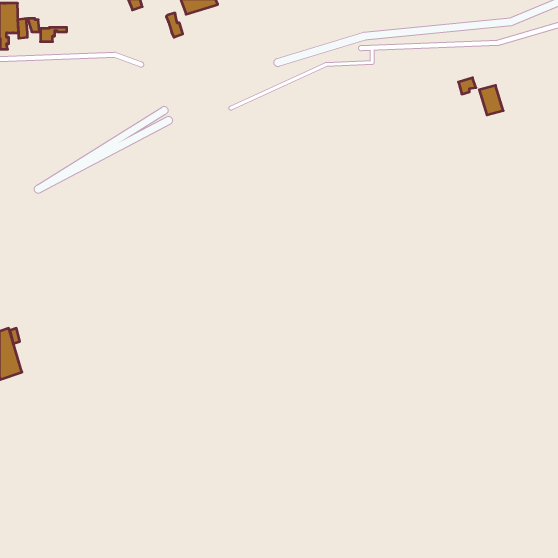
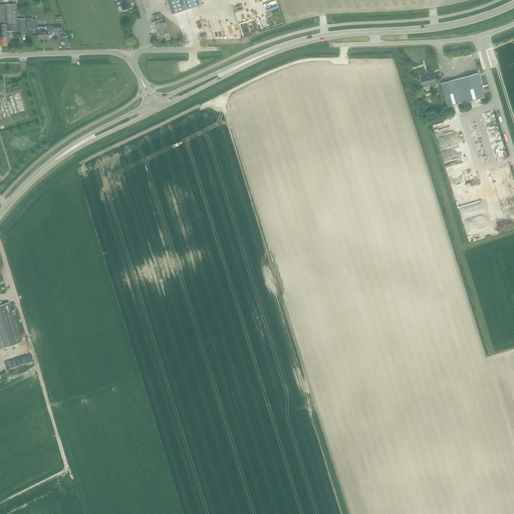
building: none -> [458,72,484,101]

